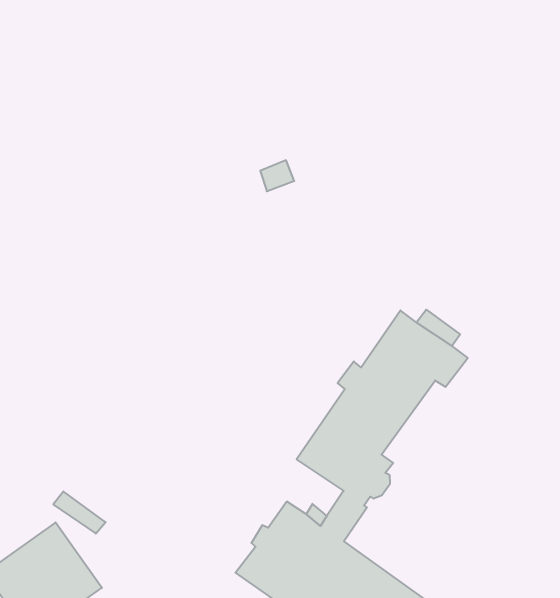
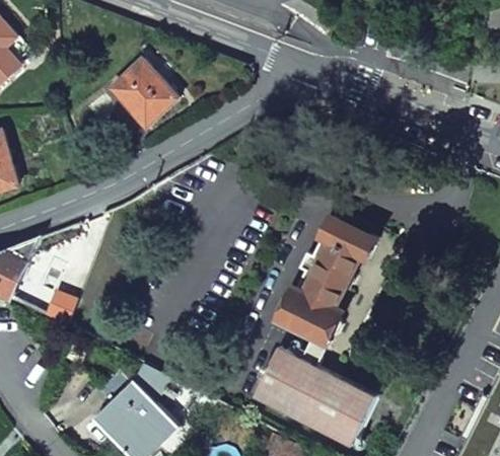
building: none -> [111,61,177,128]

